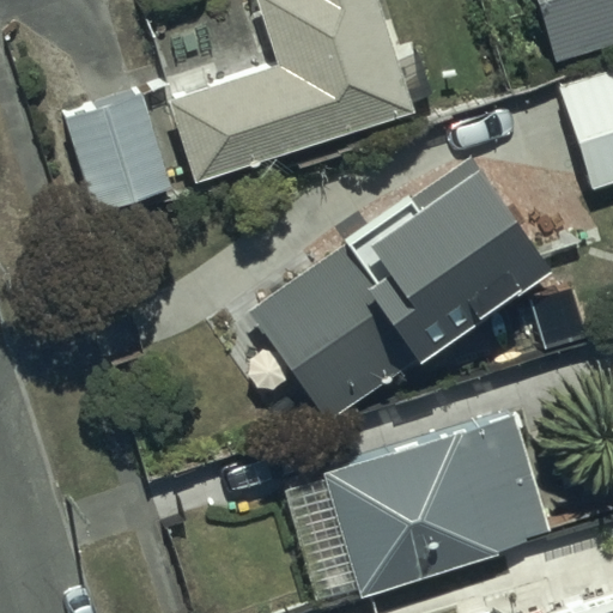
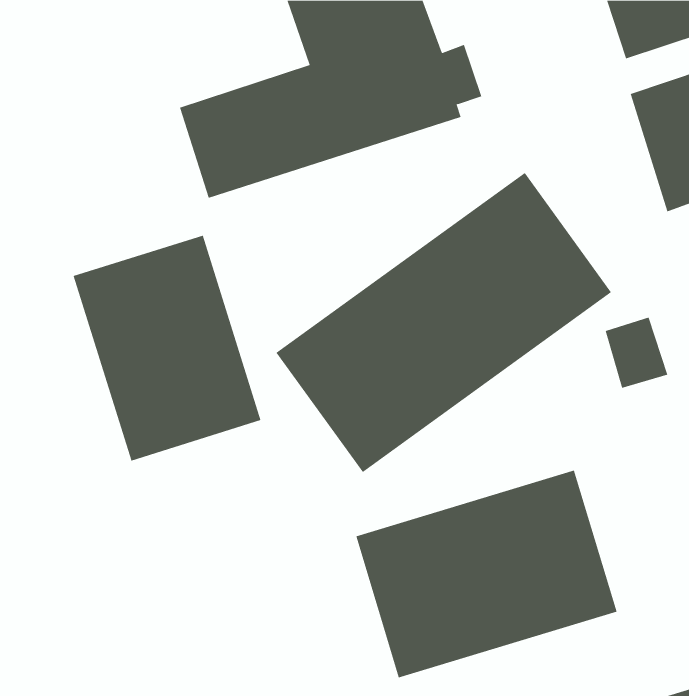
building: [67,93,170,212] -> none
building: none -> [73,235,261,461]

